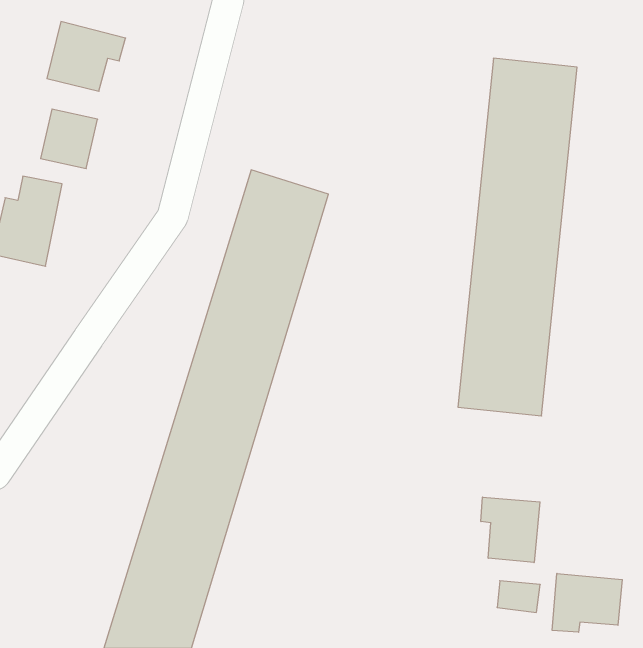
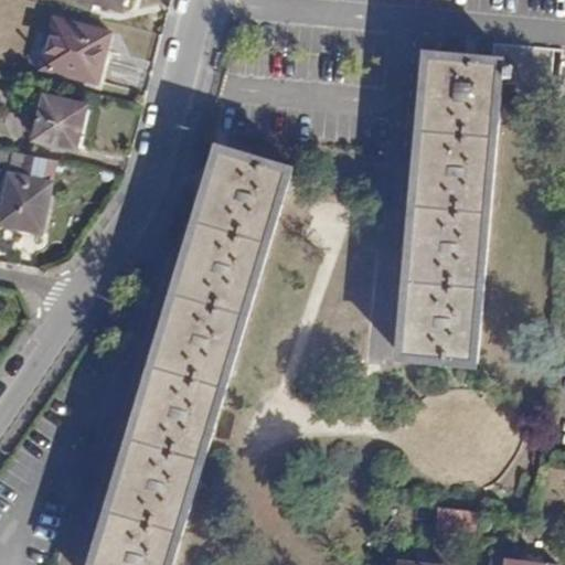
building: [481,497,540,563] -> none
building: [552,573,622,632] -> none

